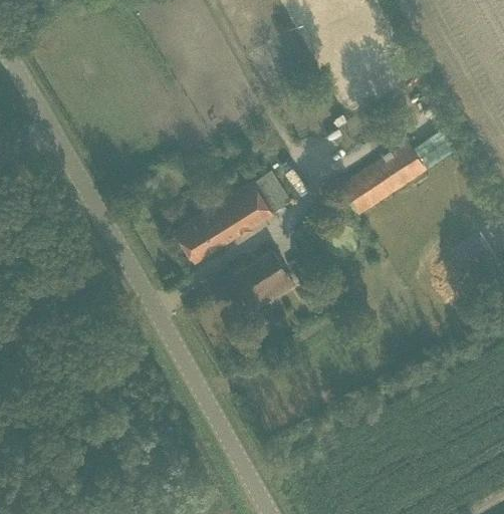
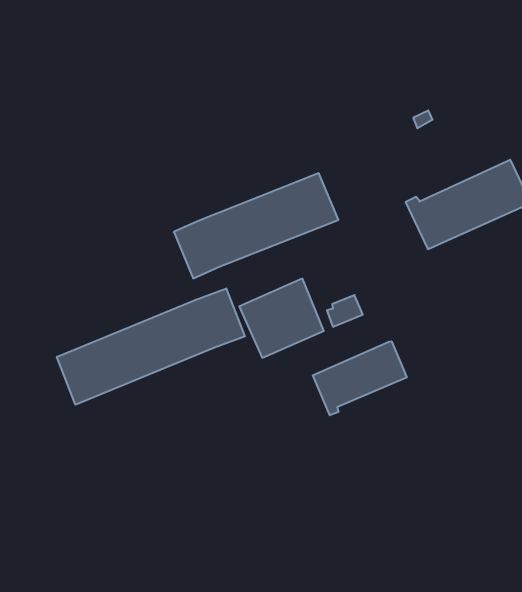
building: none -> [57,288,245,405]
building: none -> [313,341,407,415]

